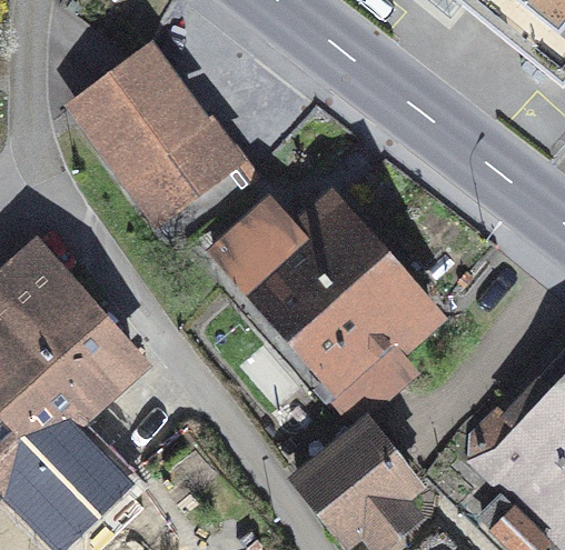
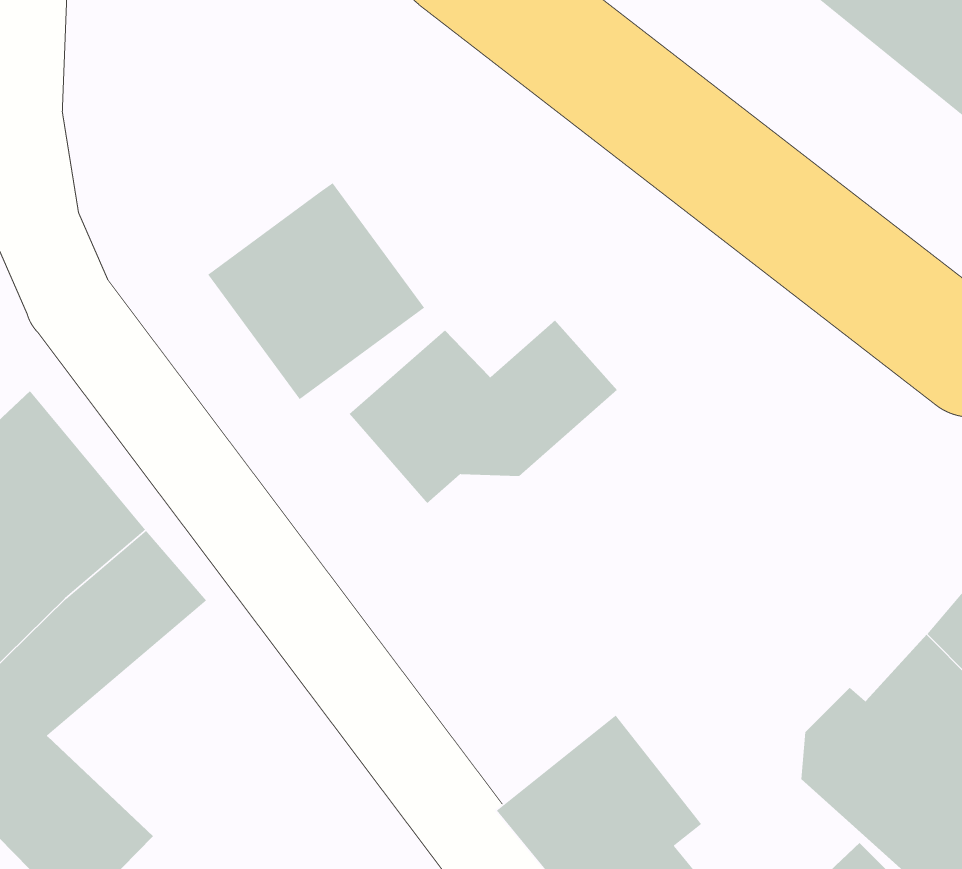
building: [79,48,199,170] -> none
building: [260,236,435,413] -> none

